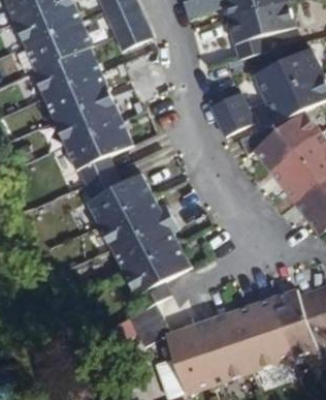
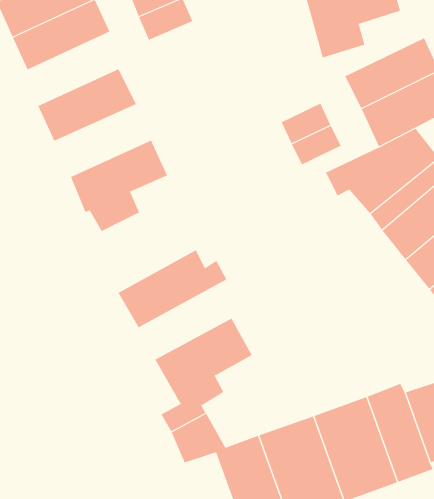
building: [30,44,98,94] -> none
building: [53,93,121,144] -> none
building: [84,168,152,224] -> none
building: [111,215,180,271] -> none

